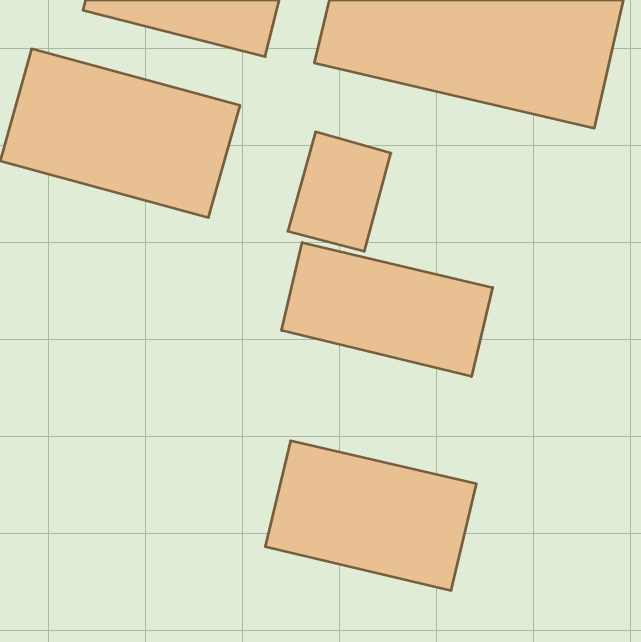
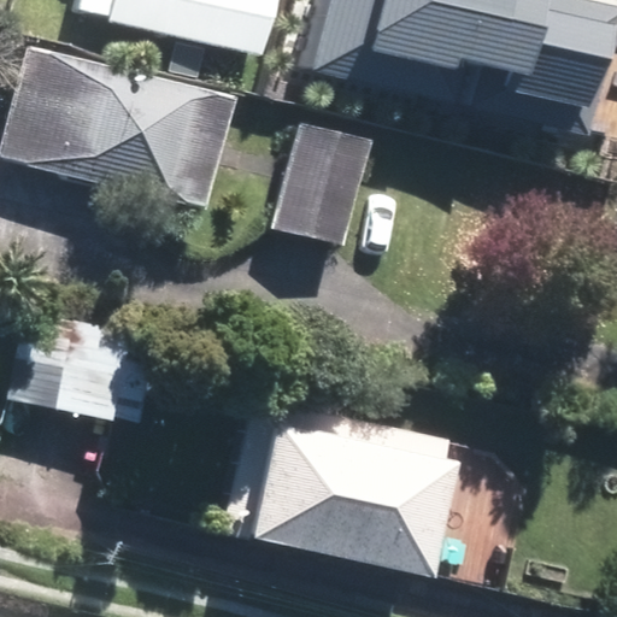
building: [282,242,493,377] -> none
building: none -> [12,313,136,417]

